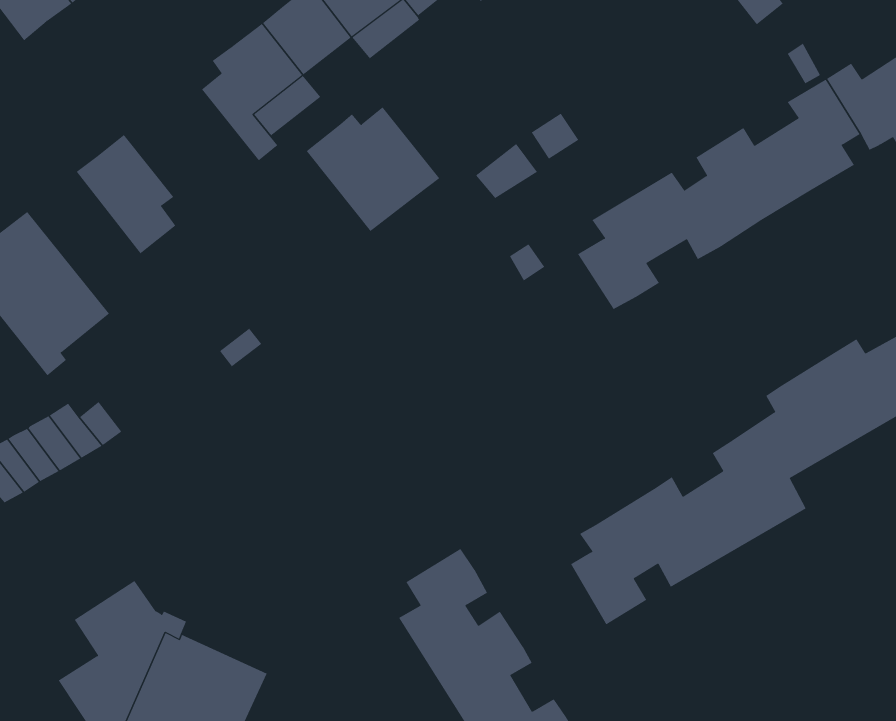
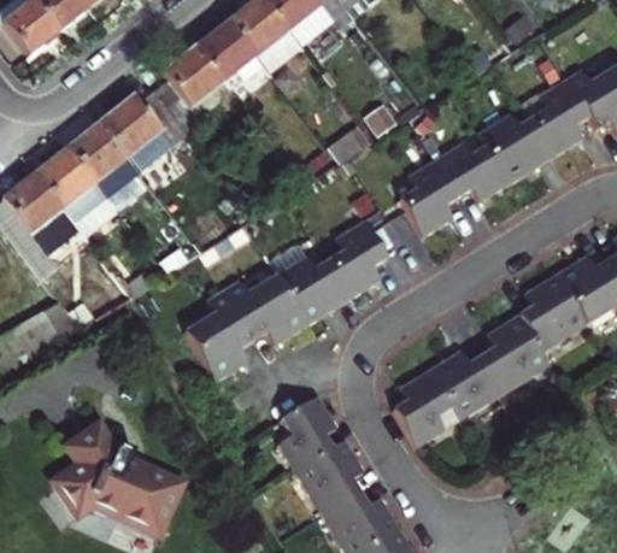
building: [306,106,440,232] -> [93,88,183,172]
building: none -> [28,143,116,239]
building: none -> [186,220,387,382]

